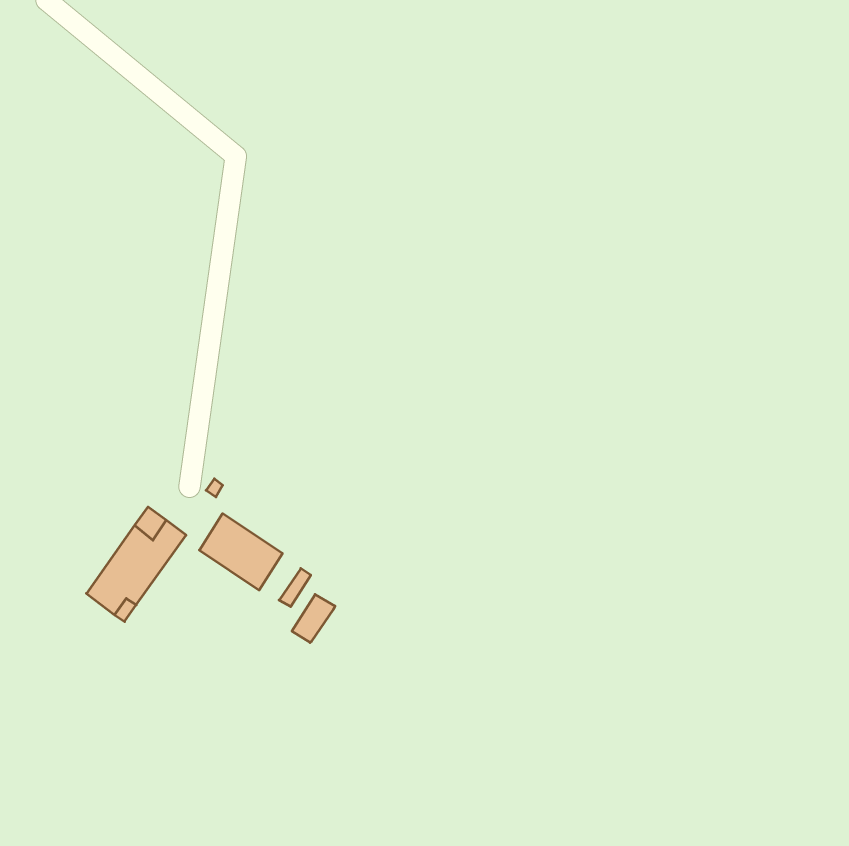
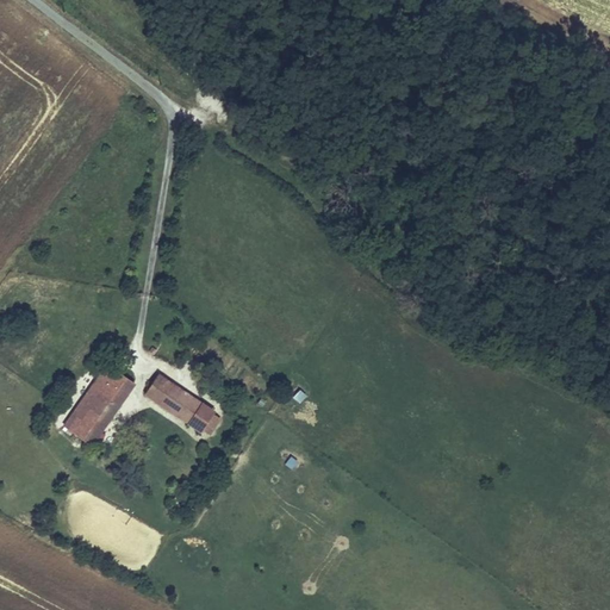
building: [292,594,335,643] -> [186,399,217,434]

